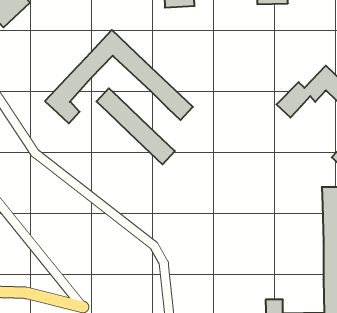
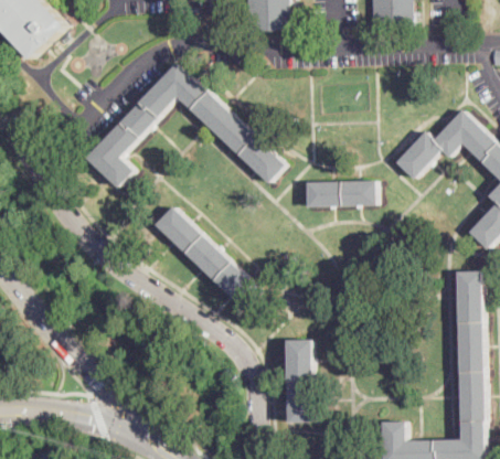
building: [96,88,175,164] -> [156,206,260,308]
building: none -> [307,180,376,206]
building: none -> [287,339,313,423]

